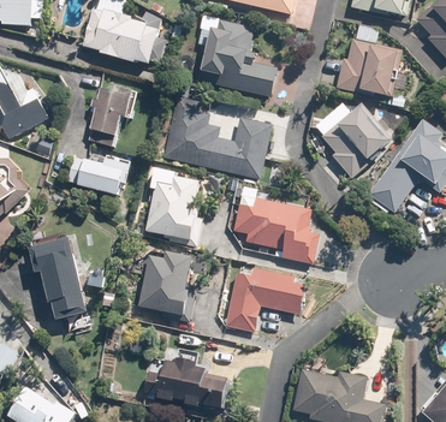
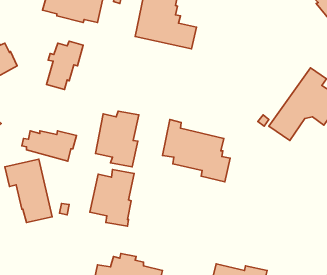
building: [337,38,402,93] -> none
building: [162,96,272,178] -> none
building: [322,105,392,178] -> none
building: [63,157,132,196] -> [22,131,76,161]
building: [225,267,307,331] -> none

